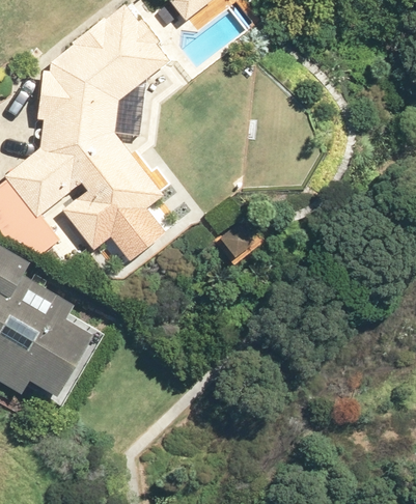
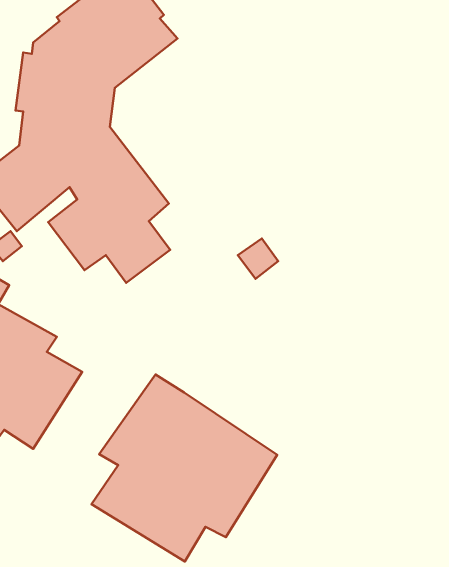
building: none -> [91,374,277,561]

